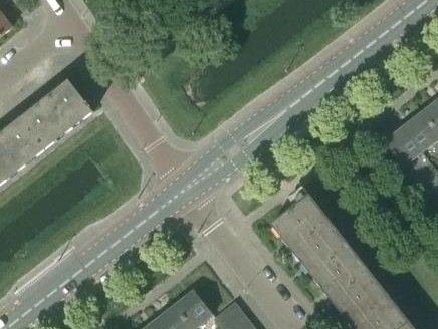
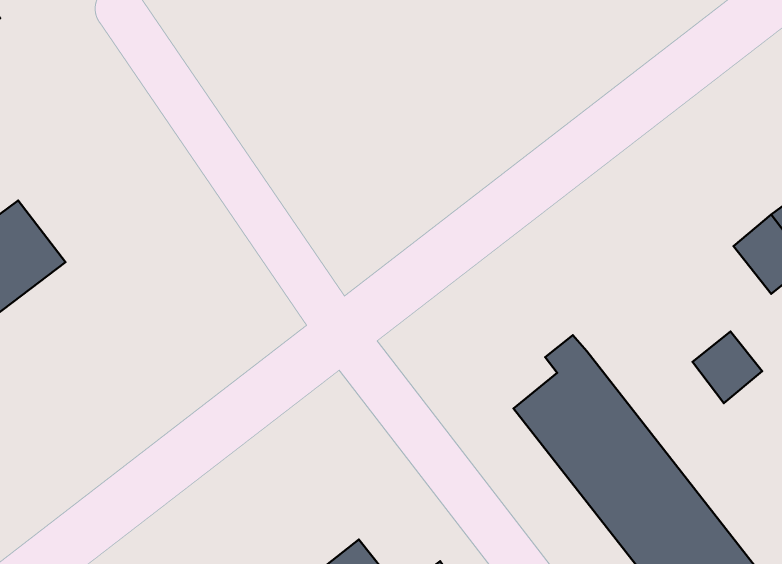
building: [21,80,93,149] -> none
building: none -> [693,332,762,403]

